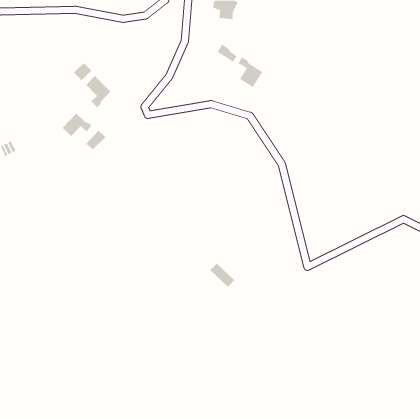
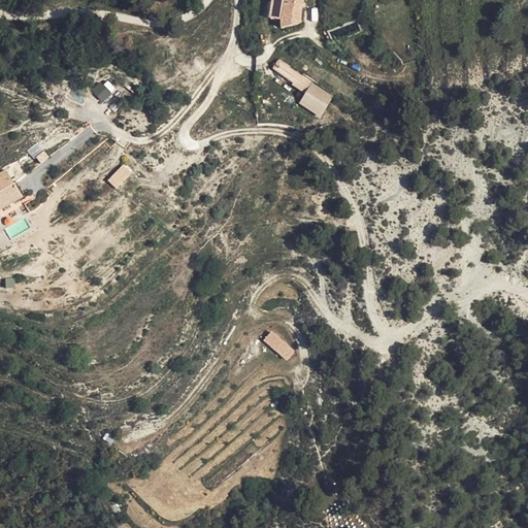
building: [85,75,111,108] -> none
building: [62,113,92,137] -> none

